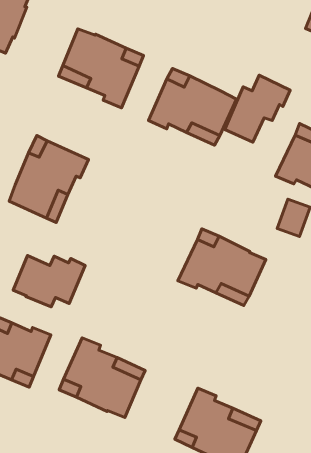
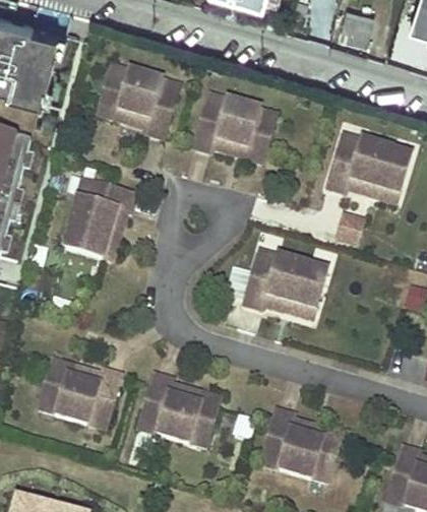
building: [225,75,290,142] -> none
building: [13,255,85,307] -> none

